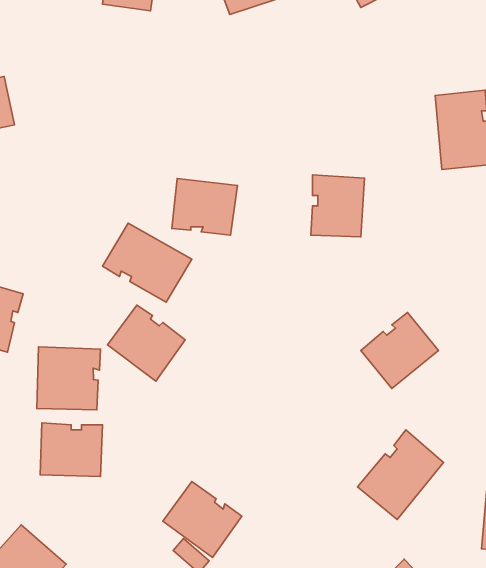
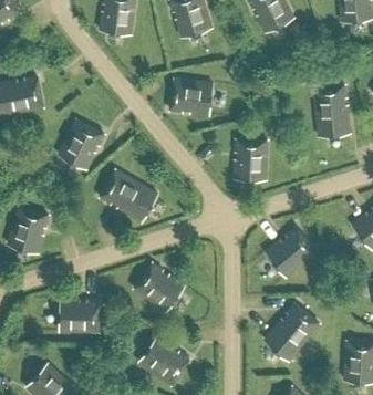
building: none -> [58,121,104,169]
building: [172,178,237,235] -> [170,79,213,115]
building: [108,305,185,381] -> [134,263,184,312]
building: [37,347,100,410] -> none

